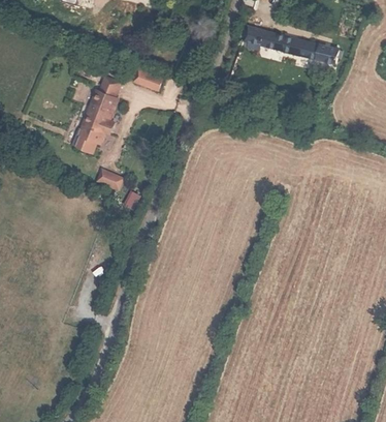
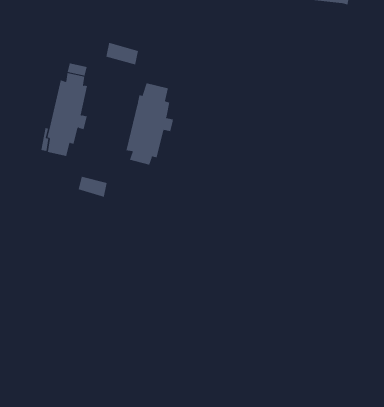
building: none -> [126,82,174,166]

